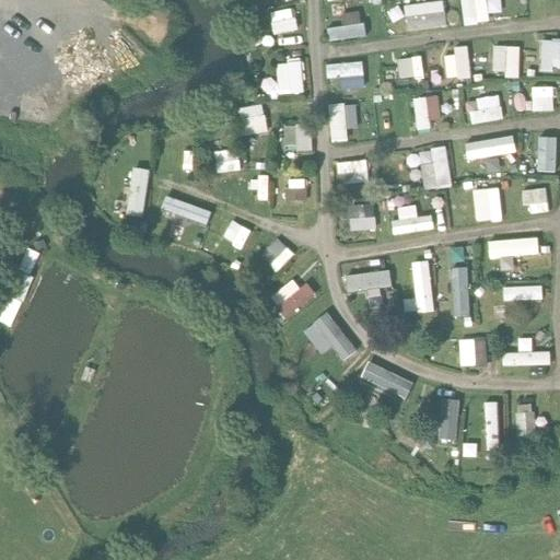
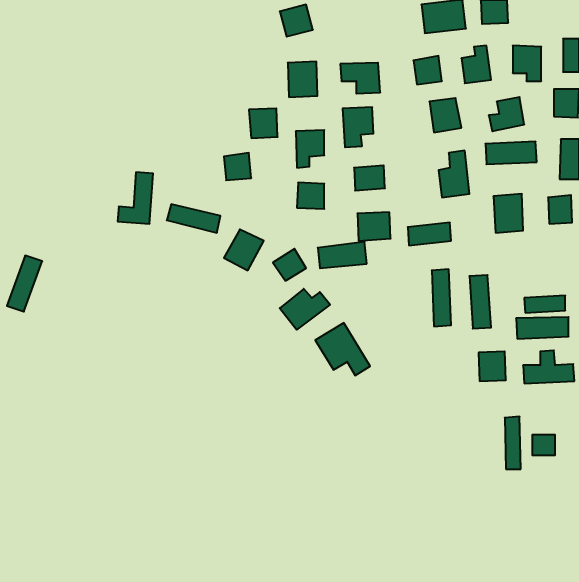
building: [326,11,363,42] -> none
building: [488,237,538,258] -> [516,317,569,339]
building: [345,268,392,293] -> [318,242,367,268]
building: [358,360,413,399] -> none
building: [439,397,458,440] -> none

